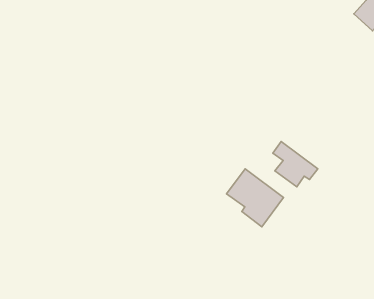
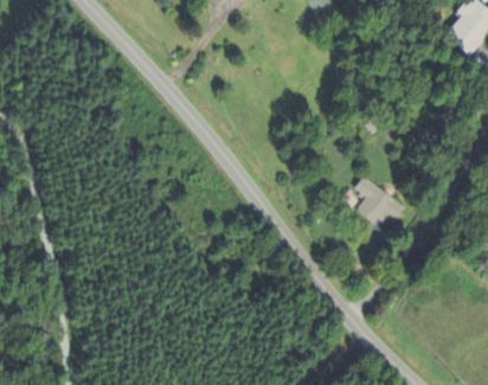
building: [227,169,283,227] -> none

